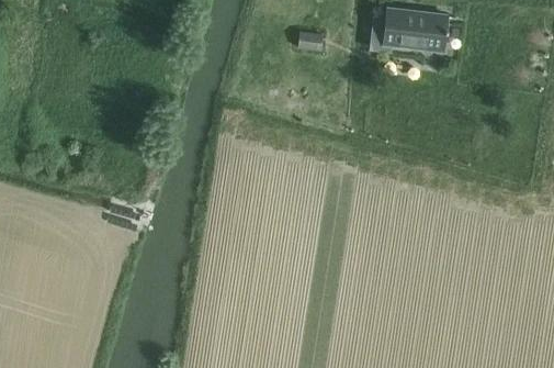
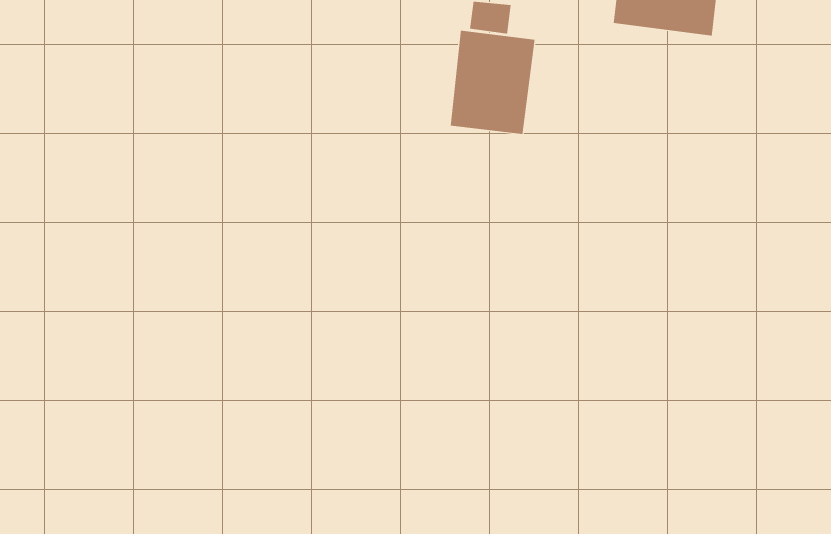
building: none -> [450,30,535,135]

